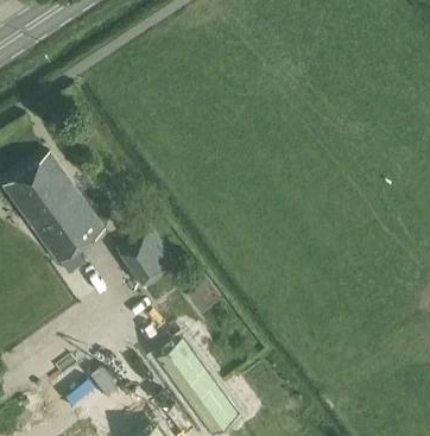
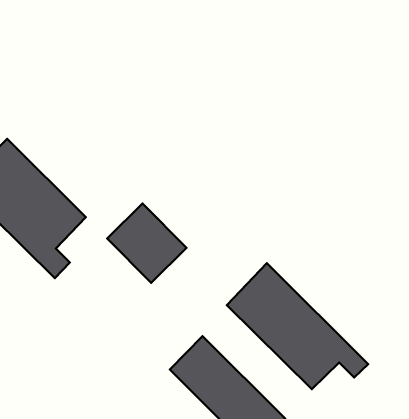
building: none -> [227,263,368,389]

